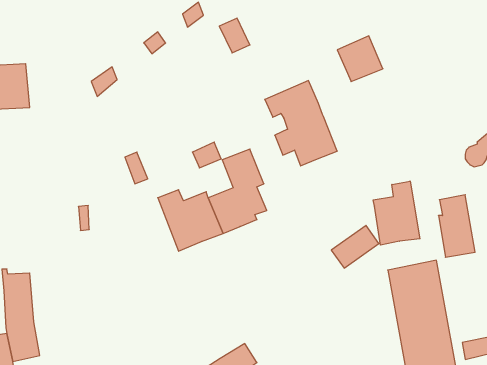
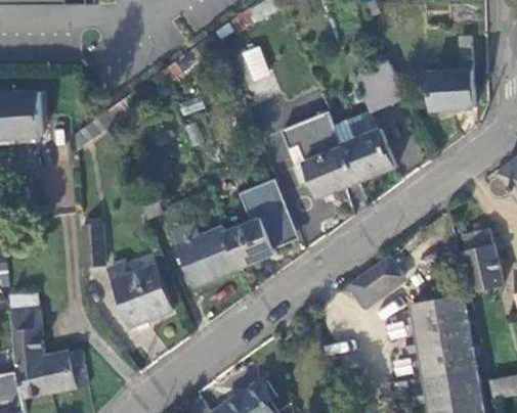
building: none -> [432,35,475,108]
building: none -> [343,129,395,182]
building: [373,181,420,245] -> none
building: none -> [107,263,172,326]
building: none -> [45,350,88,393]

